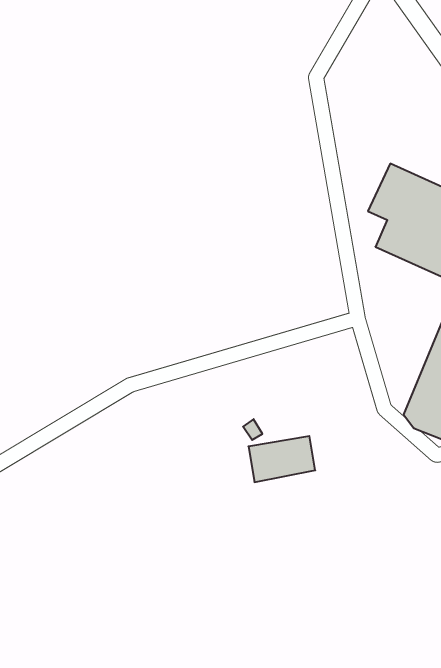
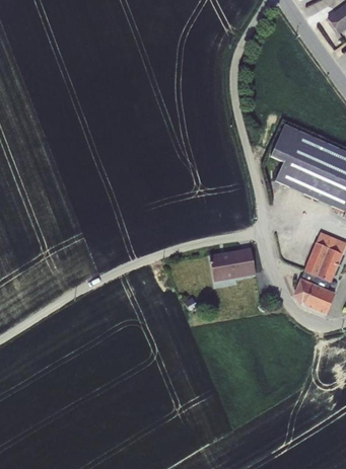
building: [248,436,315,482] -> [210,249,256,281]

